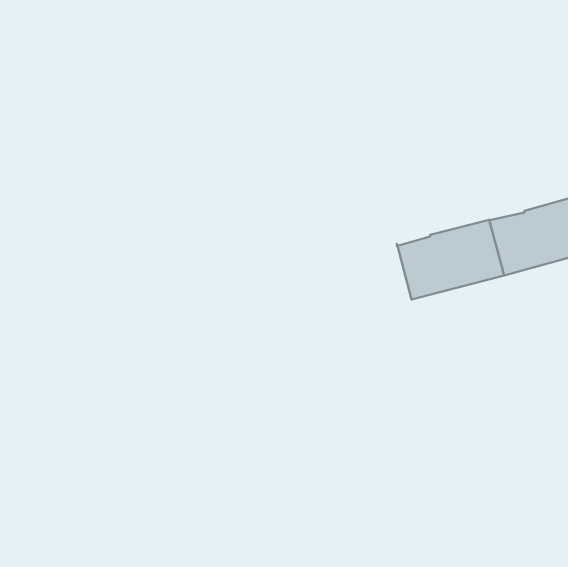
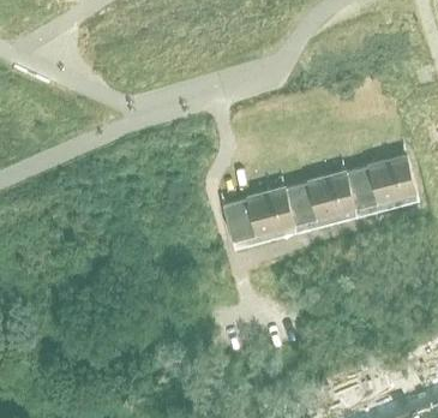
building: none -> [222,191,294,244]

